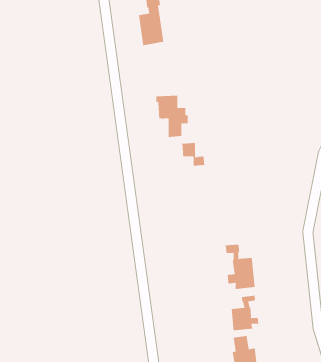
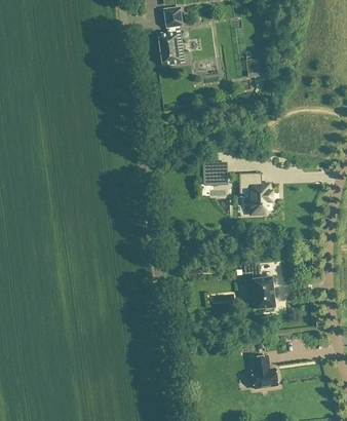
building: [155,95,188,137] -> [239,173,272,215]
building: [231,295,259,331] -> none

